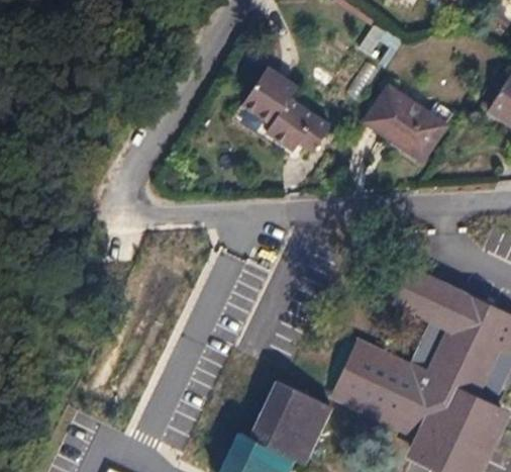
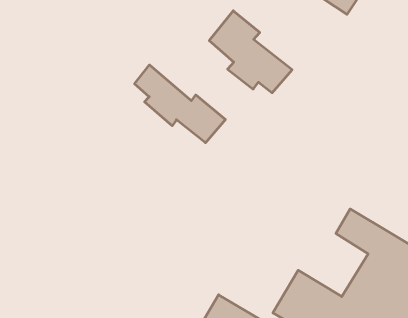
building: [364,86,452,158] -> none
building: none -> [135,65,225,143]

